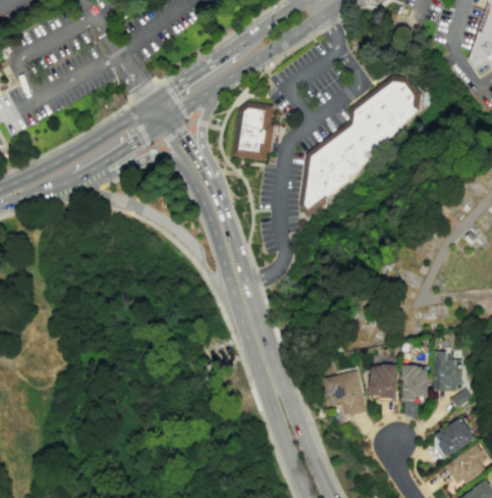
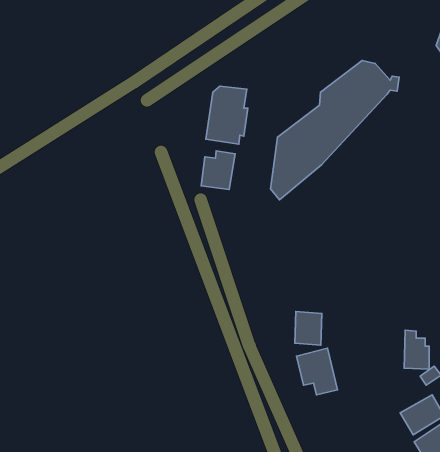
building: none -> [201,151,235,190]
building: [369,364,396,399] -> [295,311,322,345]
building: [402,366,428,400] -> none

